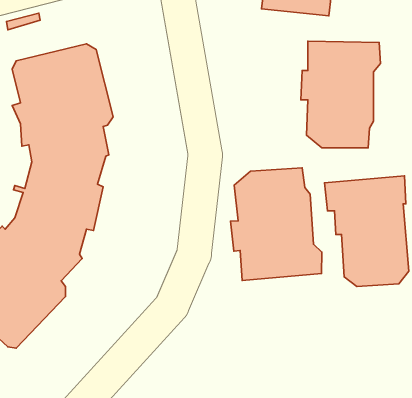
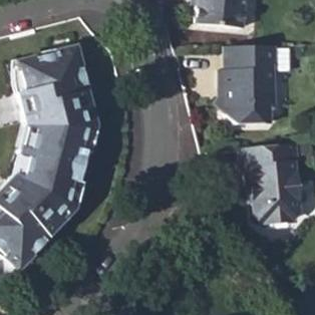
building: [230,168,322,280] -> none

